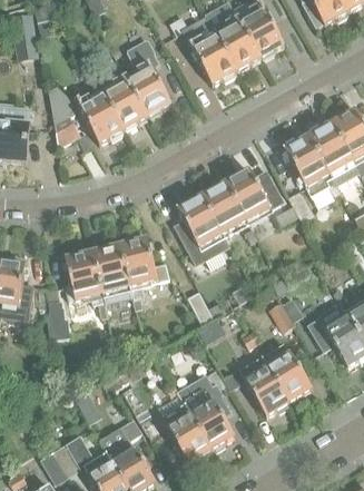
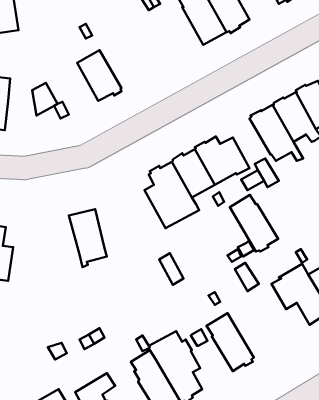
building: [186,31,235,85] -> none
building: [125,40,170,117] -> none
building: [73,80,124,144] -> none
building: [120,238,169,311] -> none
building: [65,252,109,317] -> none
building: [48,299,69,338] -> none
building: [260,342,312,402] -> [230,195,278,252]

